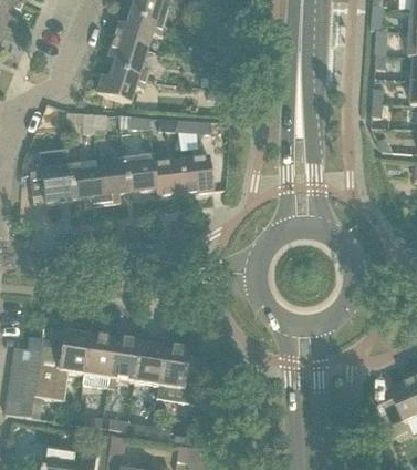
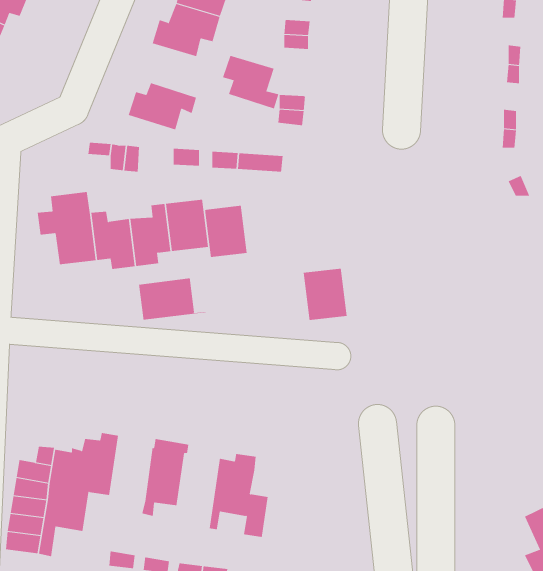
building: [107,38,149,78] -> [222,55,279,109]
building: [179,154,212,193] -> [303,268,348,321]
building: none -> [139,278,206,320]
building: [82,328,113,386] -> none
building: [132,335,164,384] -> none

